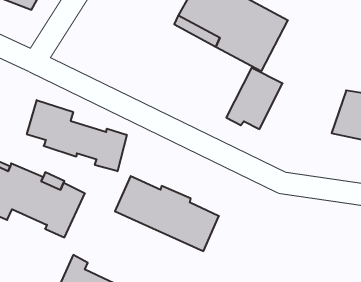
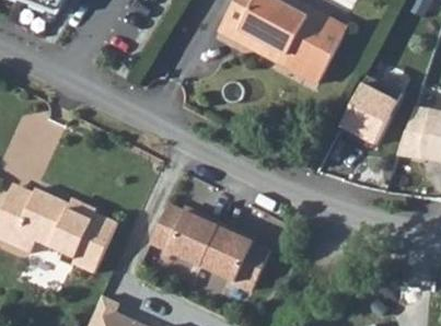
building: [226,68,283,129] -> [335,74,398,143]
building: [27,100,127,171] -> none

